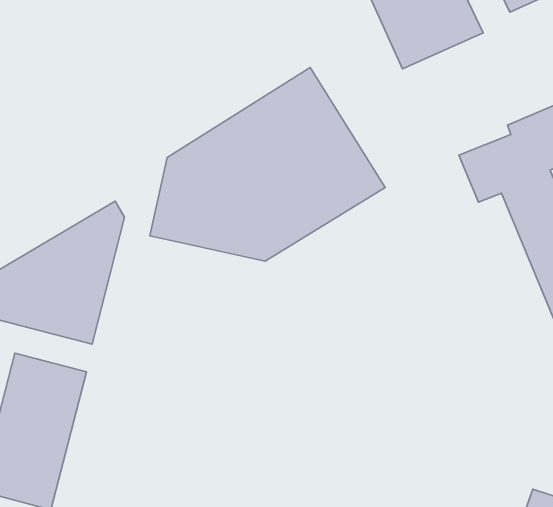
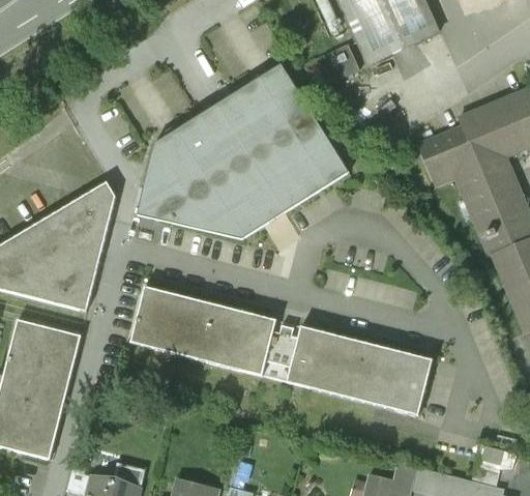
building: none -> [130,287,434,415]

